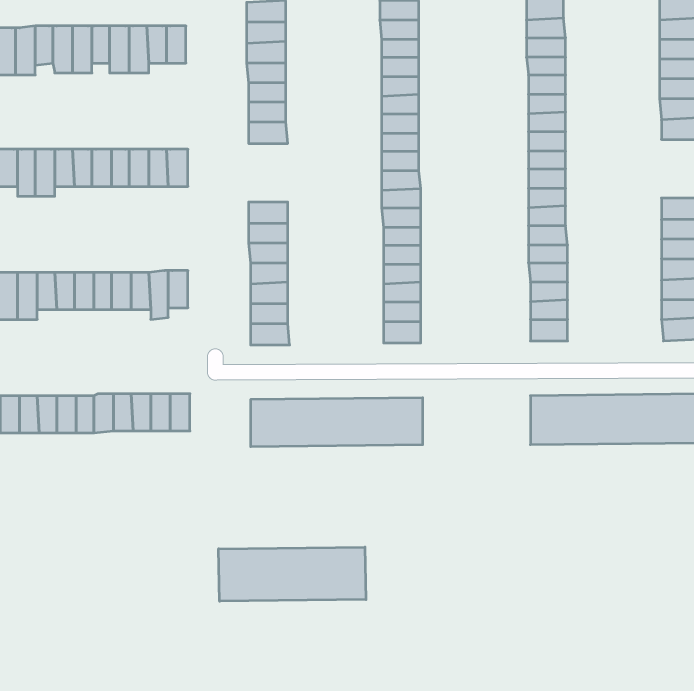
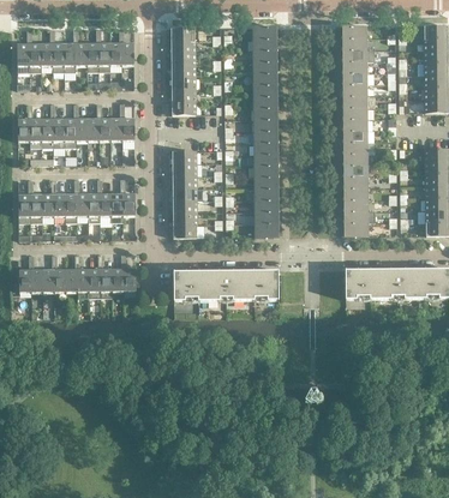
building: [219,547,366,601] -> none

